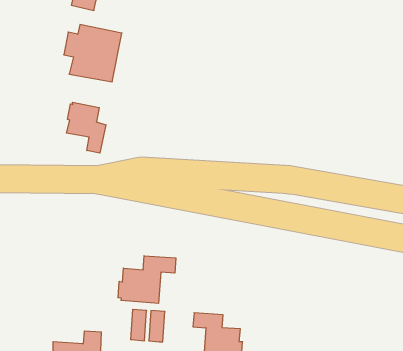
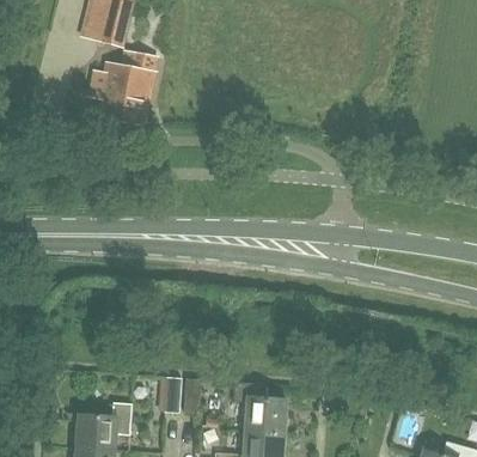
building: [67,102,106,153] -> none
building: [118,256,176,303] -> none

